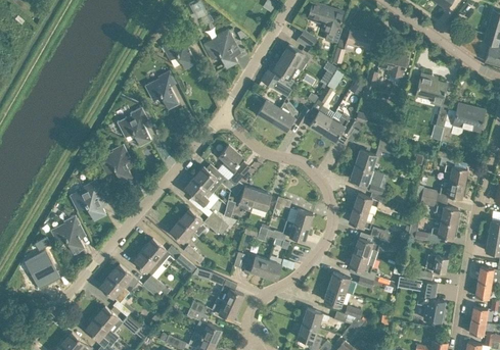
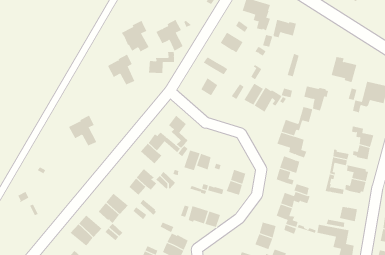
building: [378,53,409,84] -> [304,86,329,111]
building: [266,58,296,86] -> none
building: none -> [149,51,175,74]
building: [271,102,298,131] -> none
building: [117,108,151,146] -> none
building: [72,182,105,219] -> none
building: [50,215,85,254] -> none
building: [28,250,60,290] -> none

